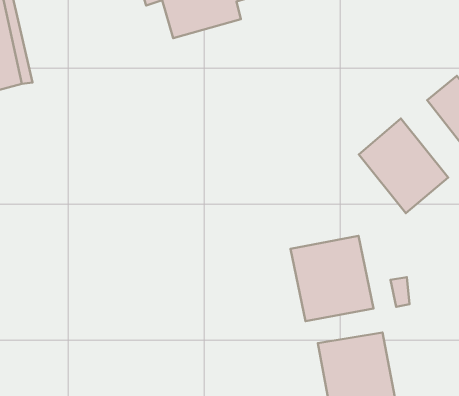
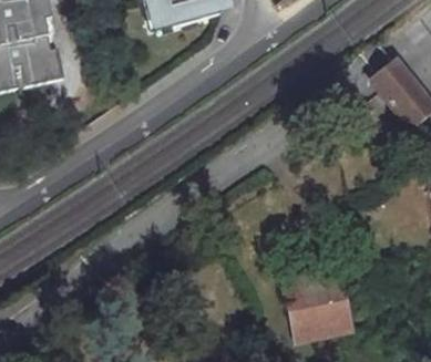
building: [359,119,448,213] -> none
building: [290,236,374,321] -> none

